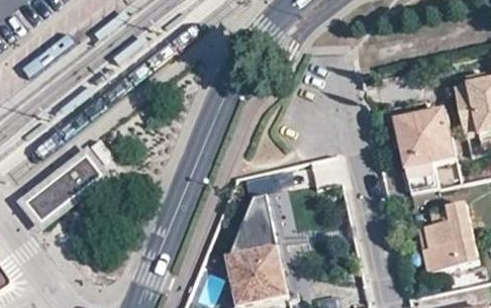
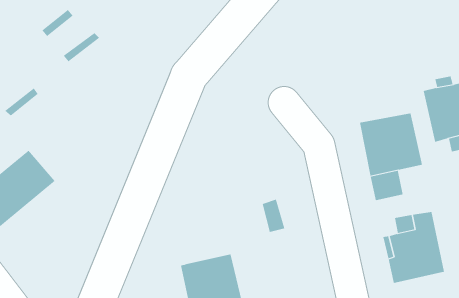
building: [228,194,273,254] -> none

